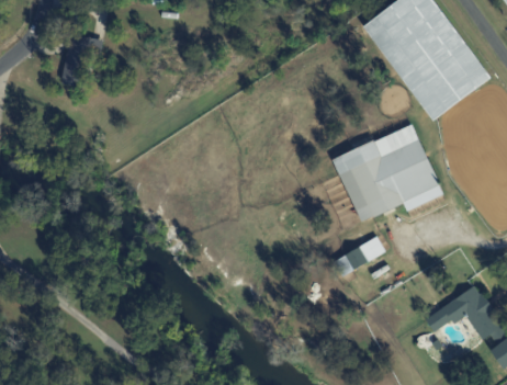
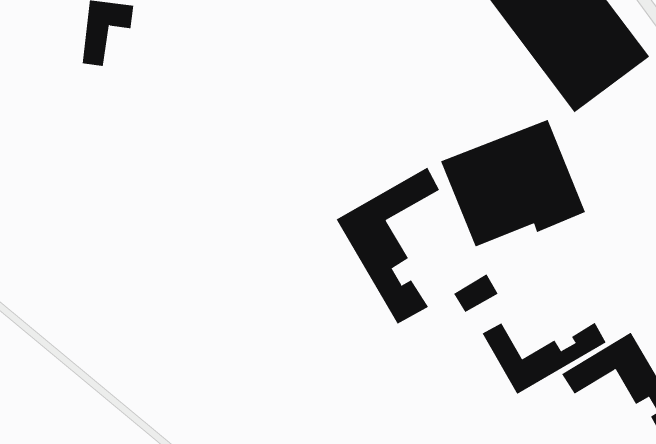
building: none -> [336,167,440,324]
building: none -> [482,322,606,395]

